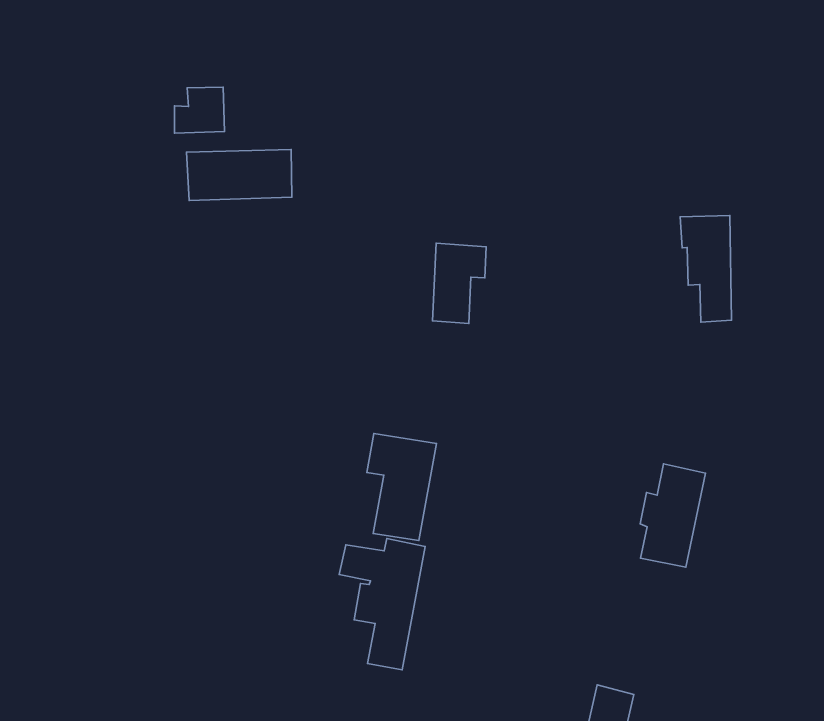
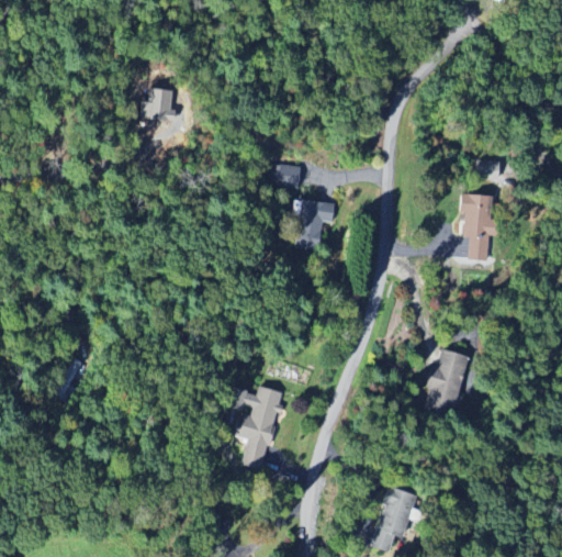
building: [186,149,292,201] -> none
building: none -> [280,164,301,186]
building: [367,434,437,541] -> none

